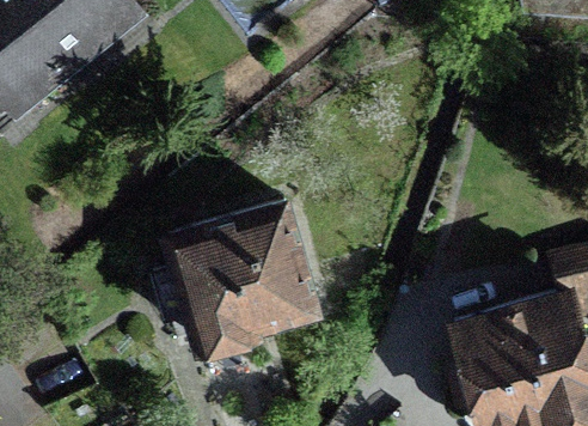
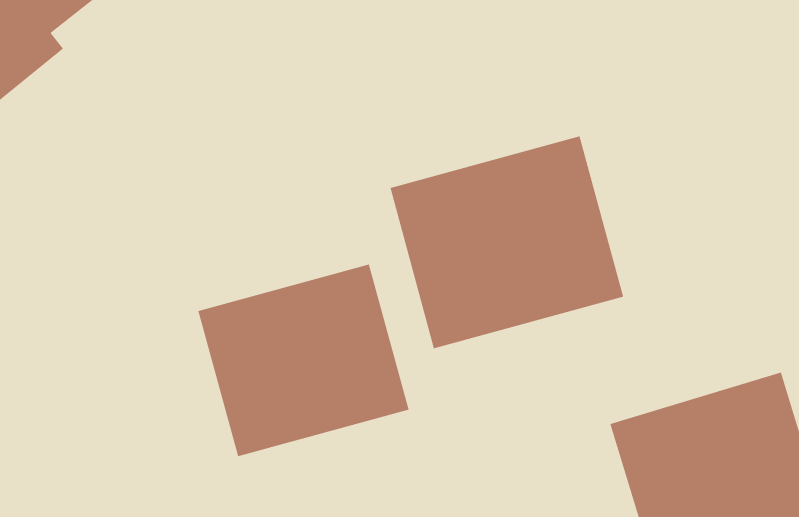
building: none -> [390,136,624,349]

